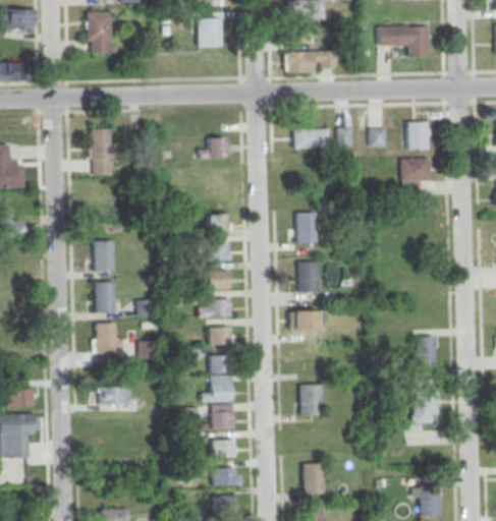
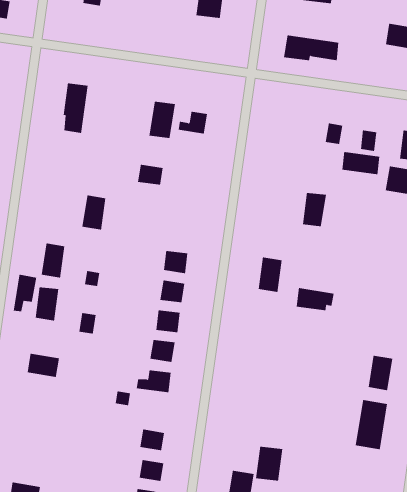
building: [294,129,330,148] -> [342,152,380,175]
building: none -> [149,101,176,139]
building: [297,212,317,243] -> [302,192,327,227]
building: [208,215,230,232] -> [137,164,164,185]
building: [95,241,114,272] -> [82,195,106,230]
building: [208,243,230,262] -> none
building: [289,311,324,330] -> [296,287,334,311]
building: none -> [13,274,37,312]
building: [300,384,324,415] -> [255,446,283,481]
building: [212,411,234,429] -> none

